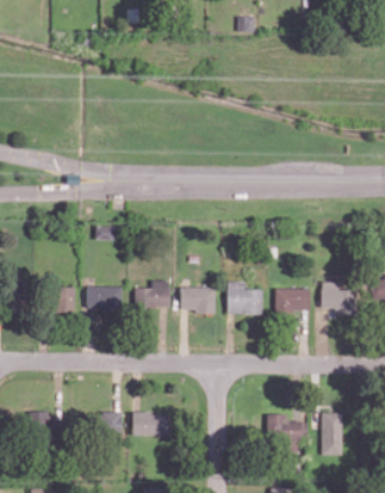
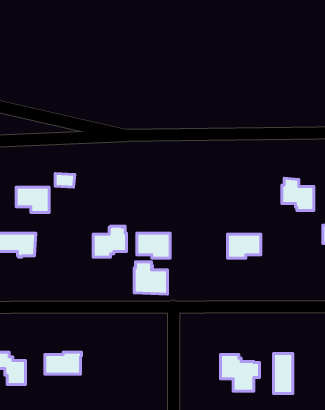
building: [226,282,261,315] -> [134,262,168,294]
building: [319,282,353,315] -> [282,178,314,210]
building: [87,288,122,314] -> [16,187,49,212]
building: [133,412,170,436] -> none

